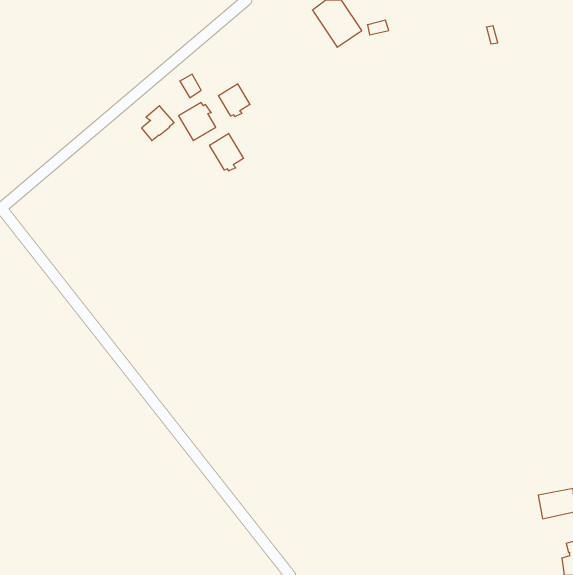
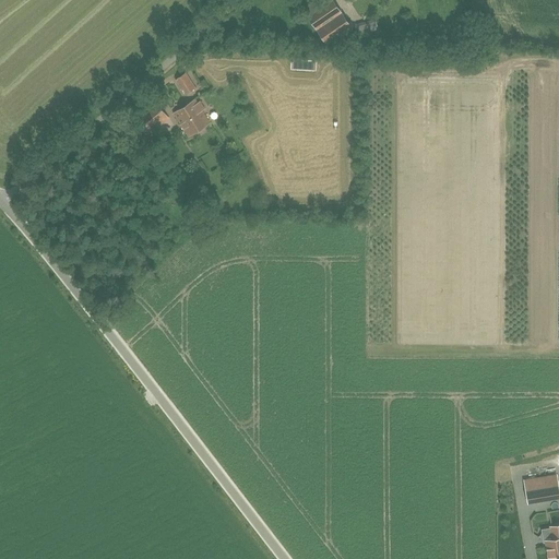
building: [219,84,250,117] -> none
building: [210,133,244,171] -> none

